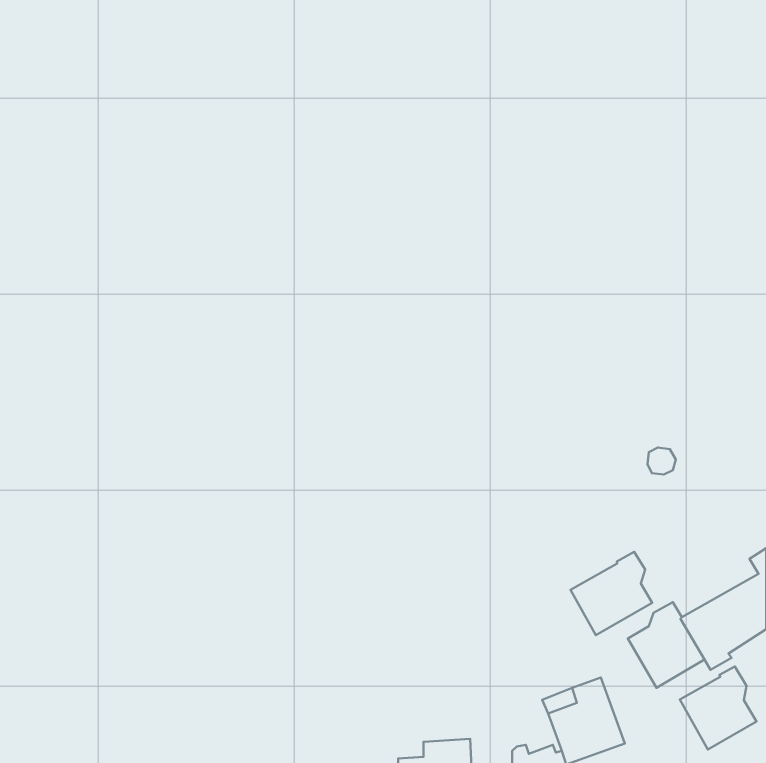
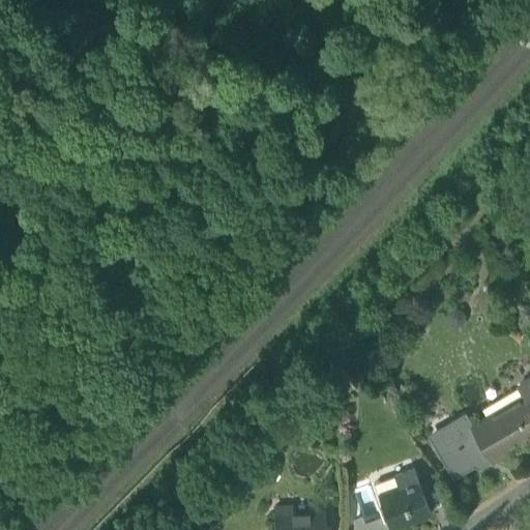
building: [571,552,652,635] -> none
building: [680,667,756,749] -> none

